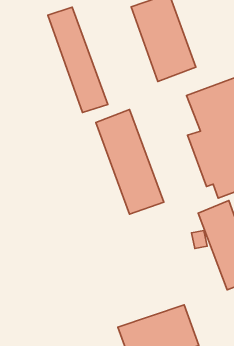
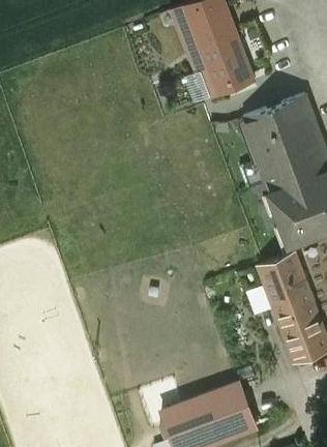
building: [48,7,108,113] -> none
building: [96,110,164,214] -> none

